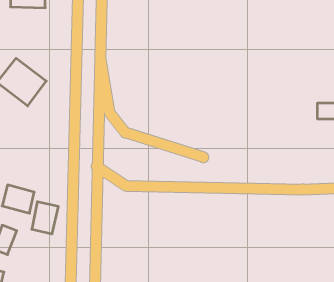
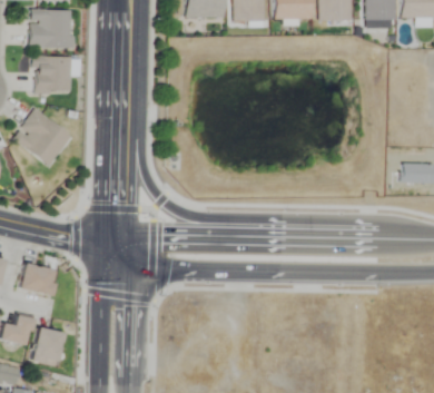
building: none -> [32,56,71,92]
building: [32,202,58,234] -> [32,327,65,366]

